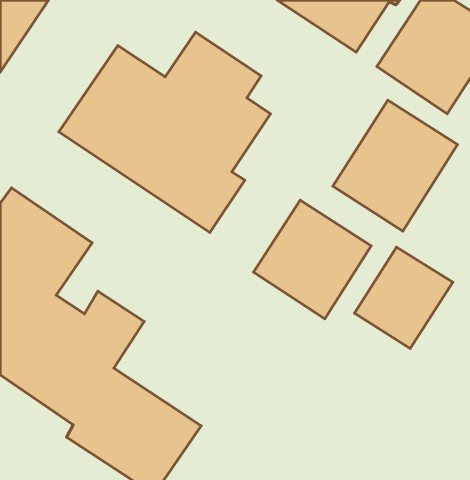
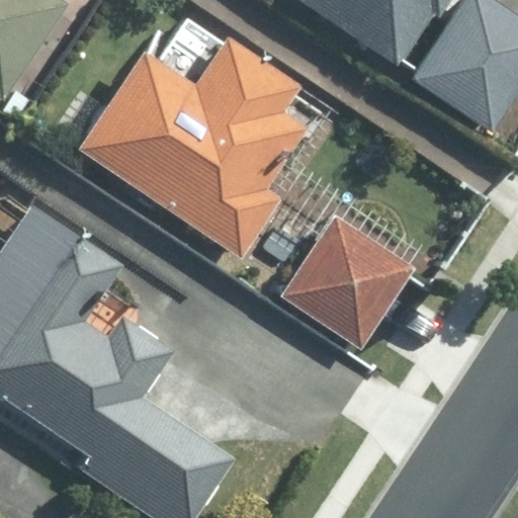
building: [333,100,457,231] -> none
building: [354,247,453,349] -> none

